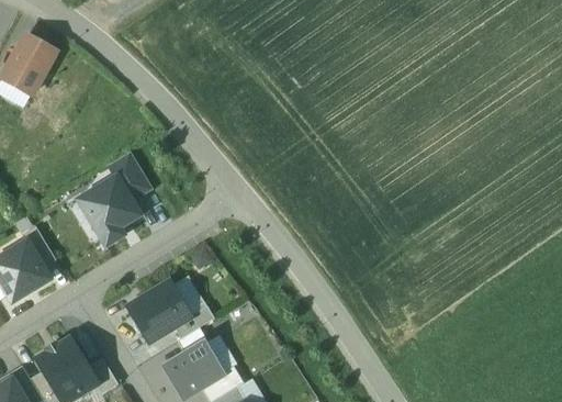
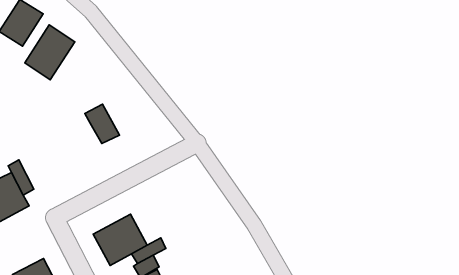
building: none -> [25,25,75,80]
building: [79,177,139,245] -> none

